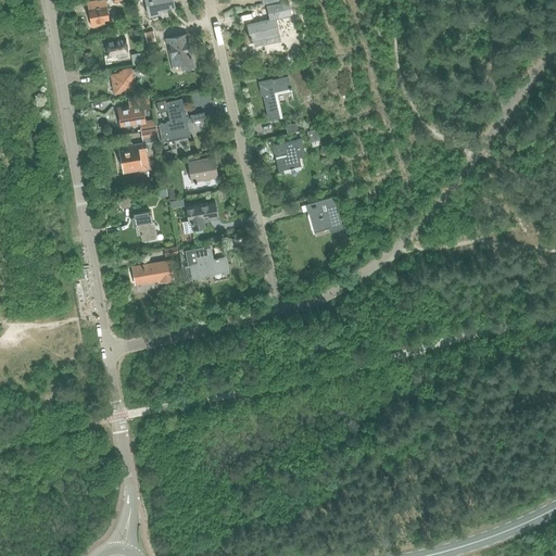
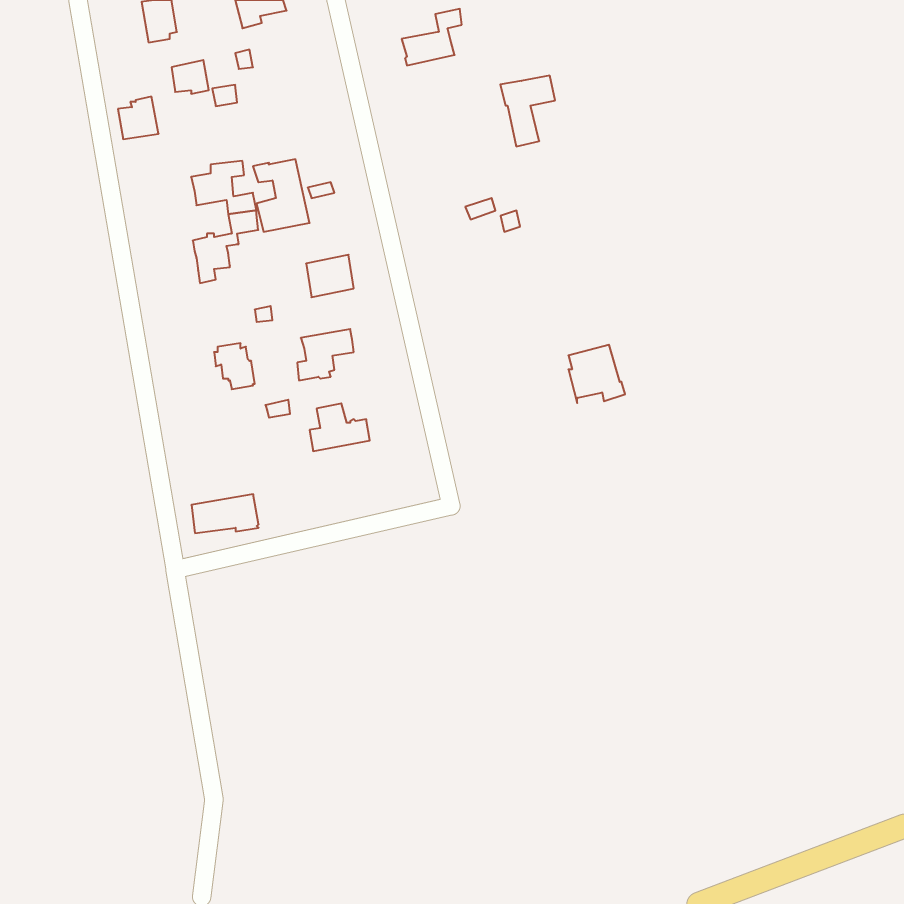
building: [166,35,193,70] -> none
building: [111,67,136,93] -> [118,97,159,139]
building: [258,76,292,119] -> [500,76,555,146]
building: [273,139,305,172] -> none
building: [307,198,342,233] -> [568,345,625,403]
building: [132,260,174,283] -> [191,494,259,533]

